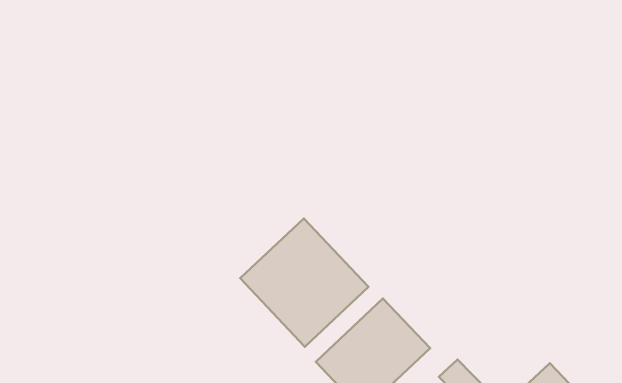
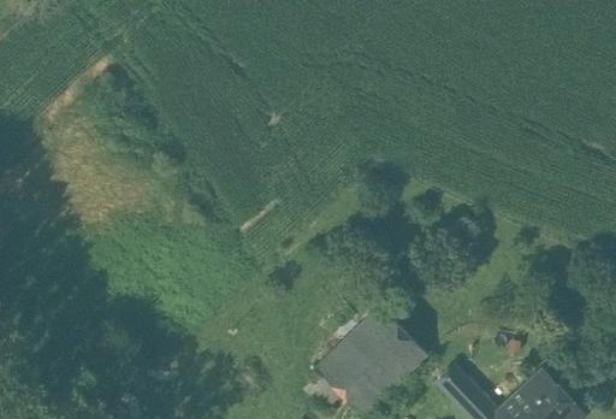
building: [240,218,369,347] -> none

